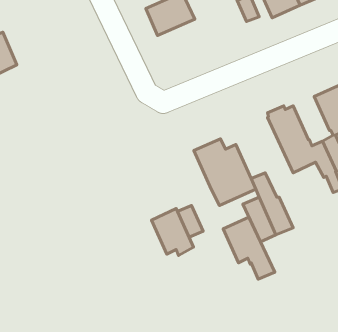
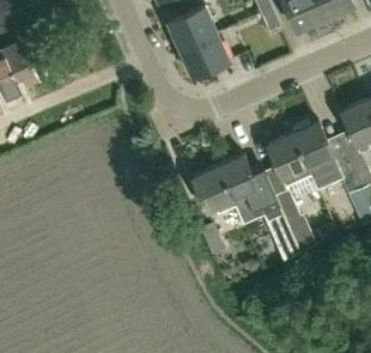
building: none -> [180,32,230,77]
building: [151,209,194,255] -> [191,166,235,214]
building: [223,217,275,279] -> [266,133,318,196]

